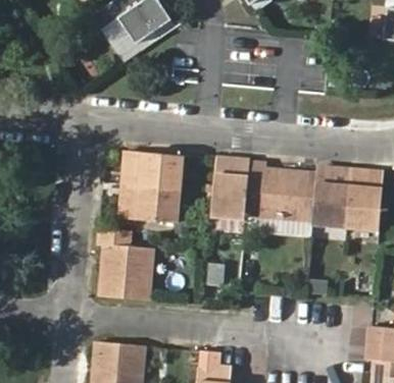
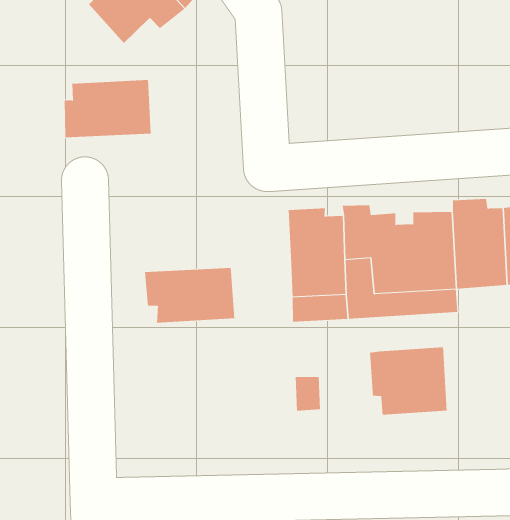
building: [122,151,180,188] -> [64,79,152,138]
building: [97,228,151,299] -> none
building: none -> [369,347,447,416]

